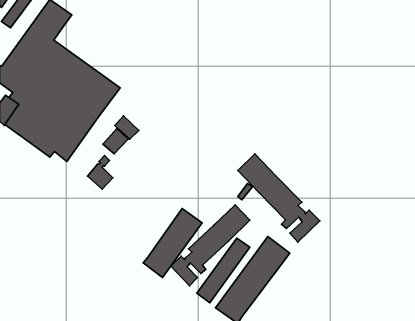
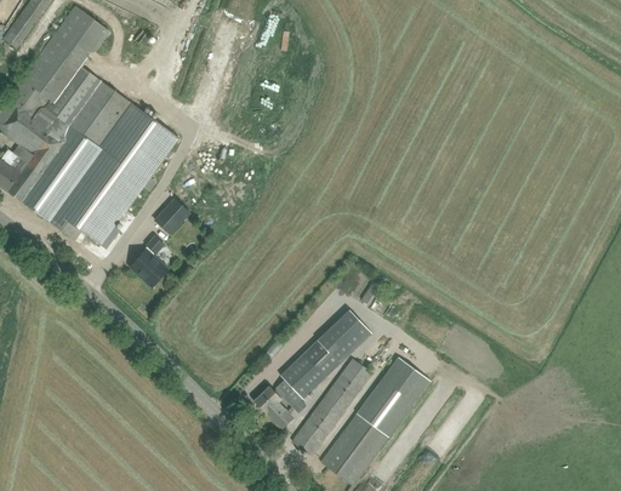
building: [115,116,139,139] -> none
building: [238,154,320,242] -> none
building: [143,208,202,277] -> none

